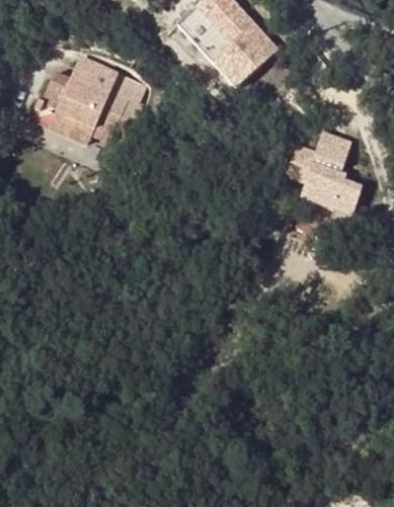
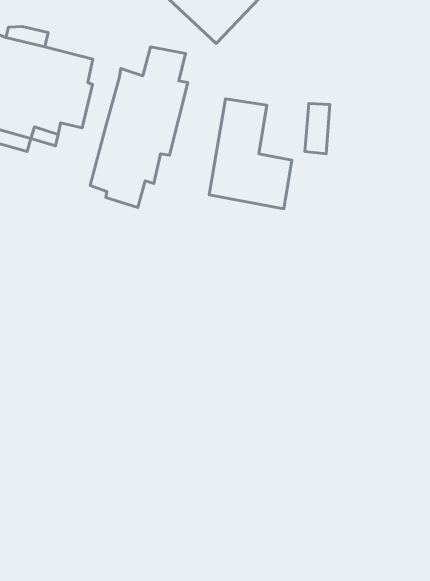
building: none -> [90,47,188,207]
building: [302,130,366,216] -> [209,99,292,209]

